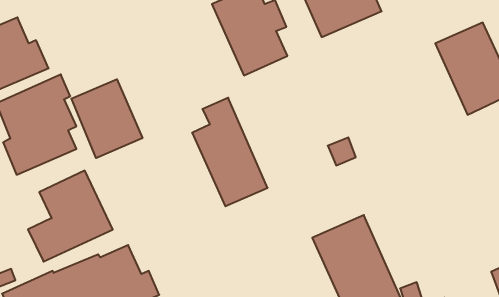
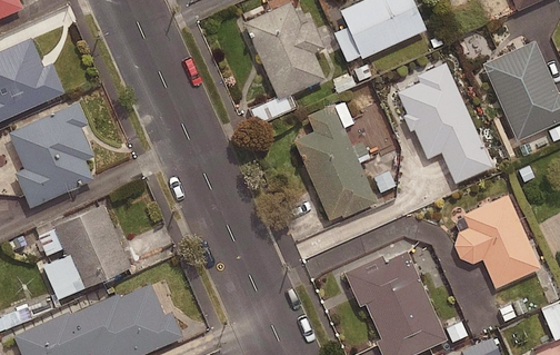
building: none -> [398,61,492,184]
building: [71,79,142,158] -> none
building: [192,98,268,206] -> [293,102,374,219]
building: none -> [453,194,540,288]

